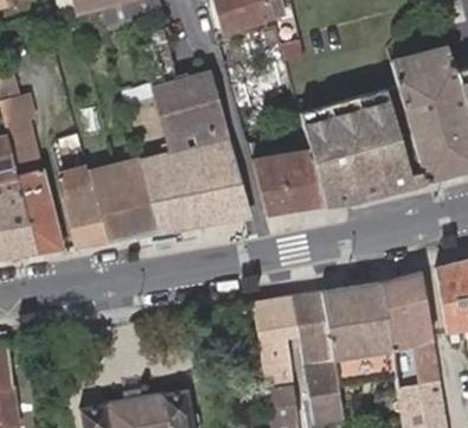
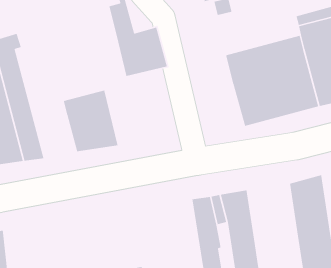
building: [140,129,245,232] -> none
building: [250,152,321,215] -> none
building: [63,173,103,245] -> none
building: [325,281,393,383] -> none

